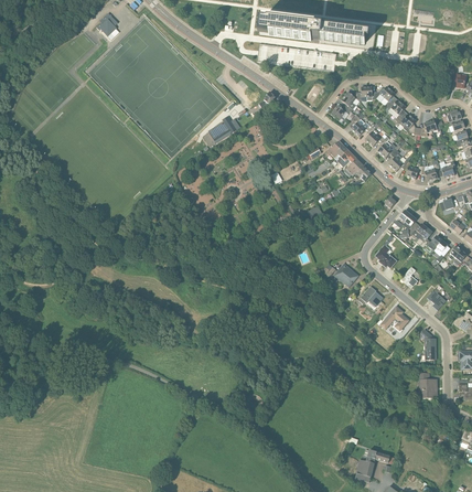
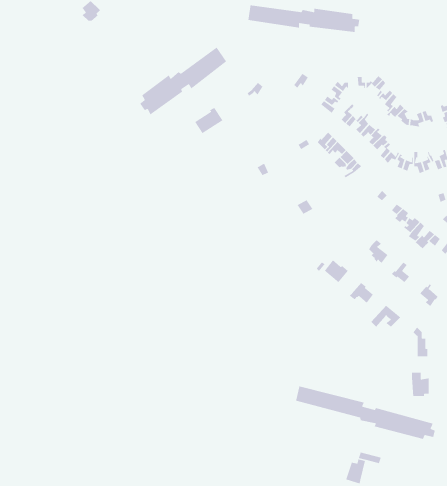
building: none -> [139,46,227,116]
building: none -> [295,386,436,440]

